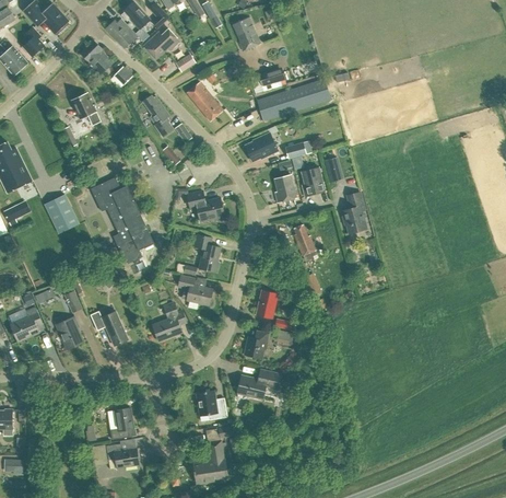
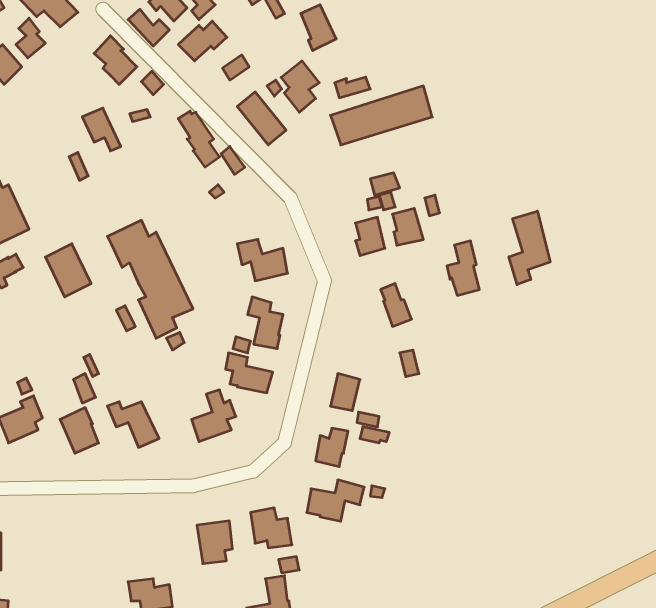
building: none -> [281,61,319,112]
building: [246,132,278,160] -> none
building: none -> [509,211,550,285]
building: [107,407,133,439] -> [197,521,232,564]

